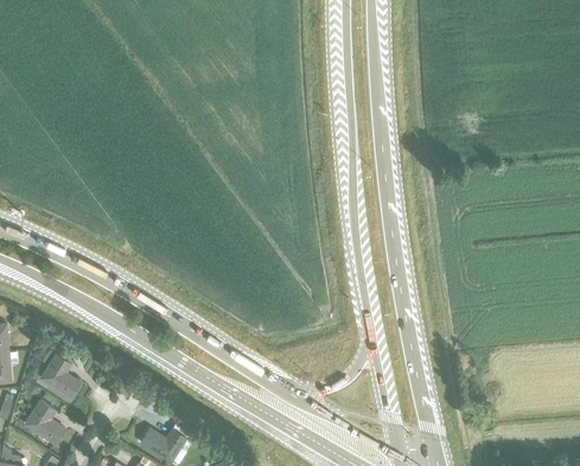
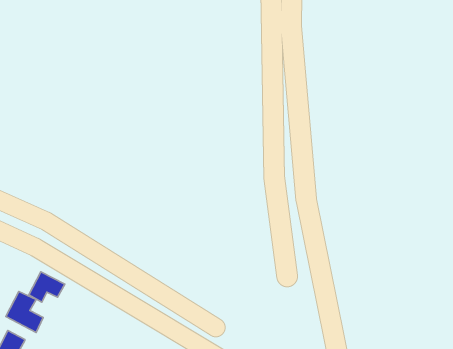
building: none -> [29,272,65,302]

